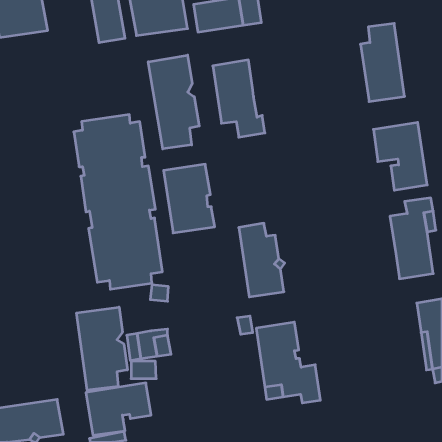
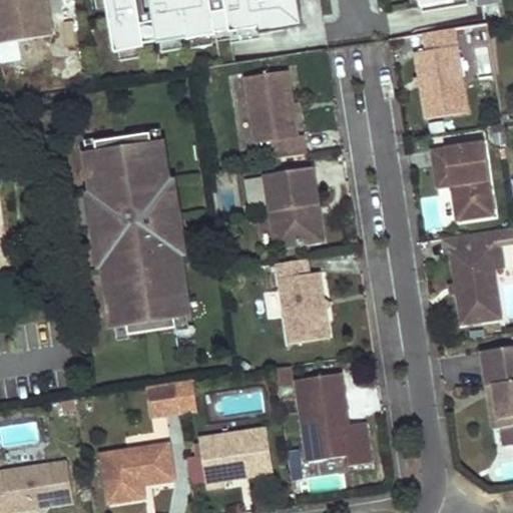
building: [148,55,199,149] -> none
building: [164,164,215,233] -> [264,167,323,246]
building: [77,307,127,390] -> none
building: none -> [186,428,272,487]

